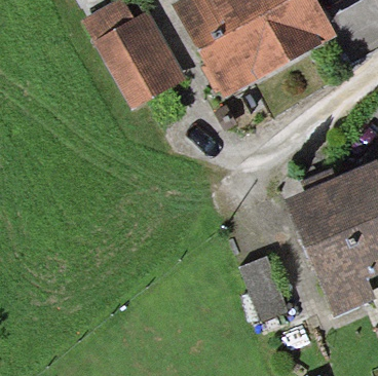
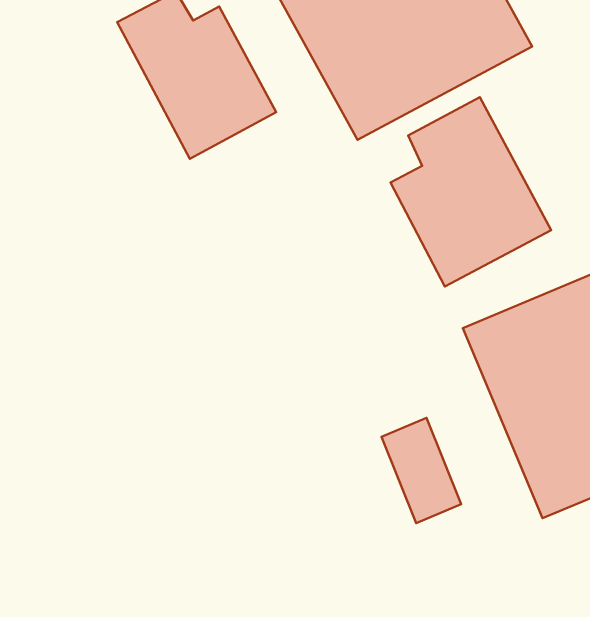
building: none -> [390,97,551,286]

